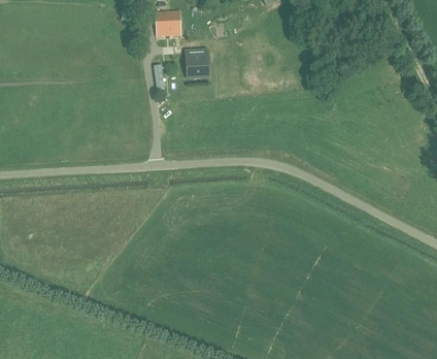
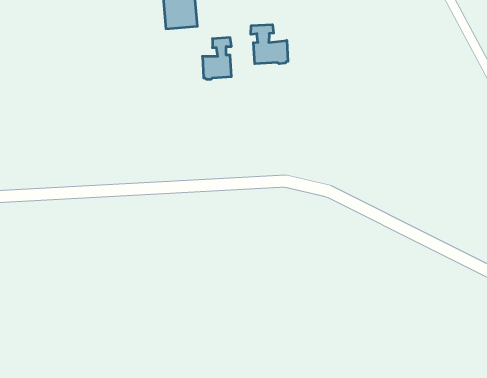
building: none -> [251,25,288,64]

